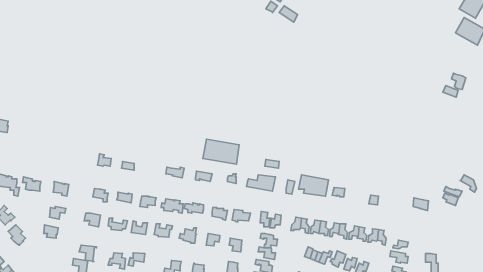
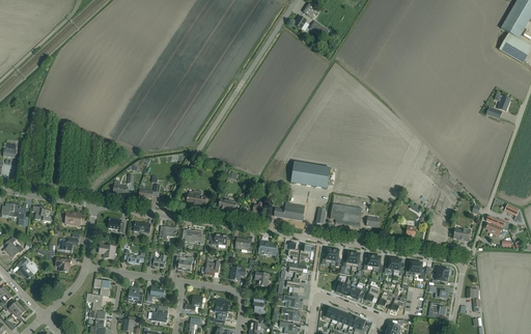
building: [203,139,239,164] -> [290,162,330,189]

